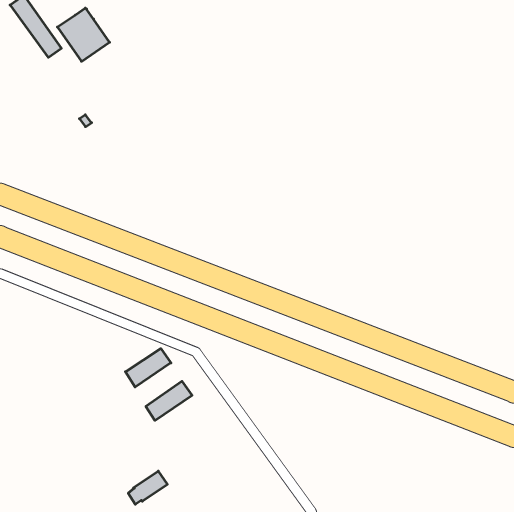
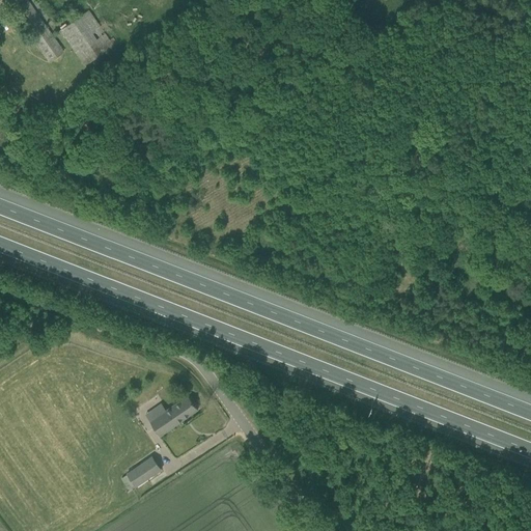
building: [125,349,171,387] -> none
building: [128,471,167,504] -> [121,454,162,488]

